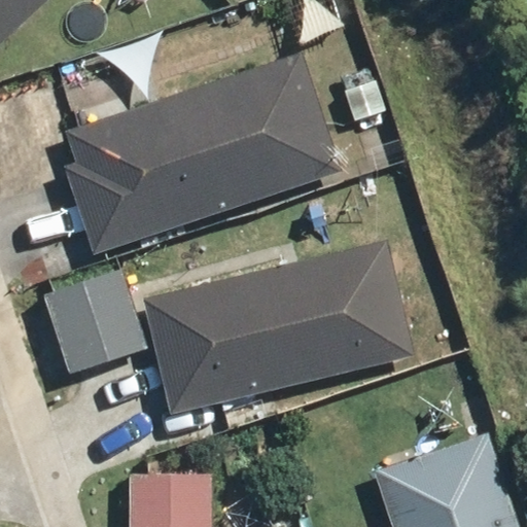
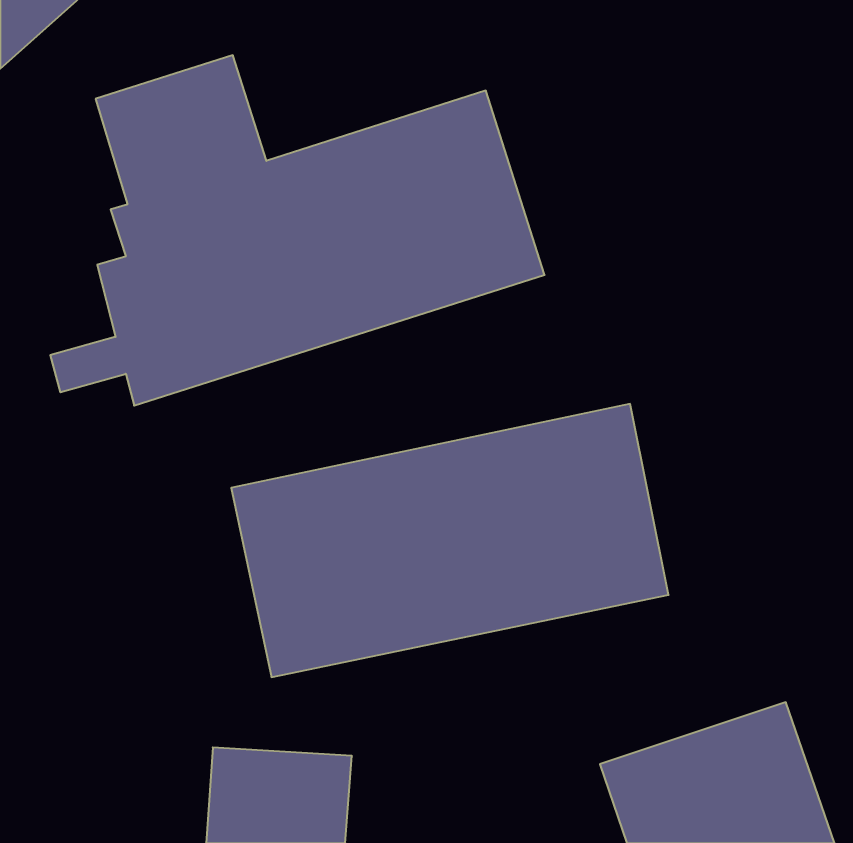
building: [44,269,149,377] -> none

